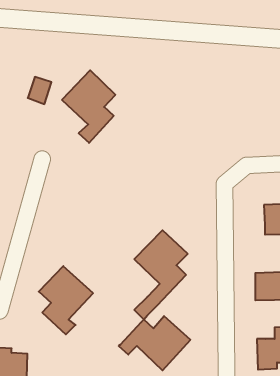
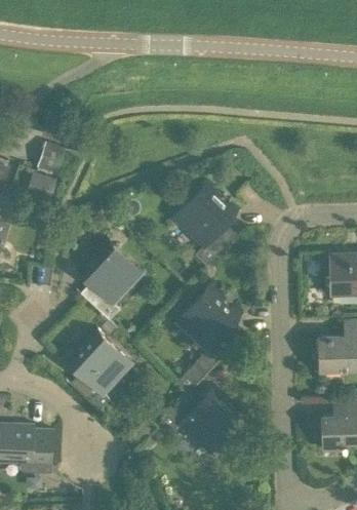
building: [62,70,115,143] -> [174,182,237,267]
building: [28,77,51,104] -> [37,142,65,173]
building: none -> [26,171,56,200]
building: none -> [78,241,141,320]

